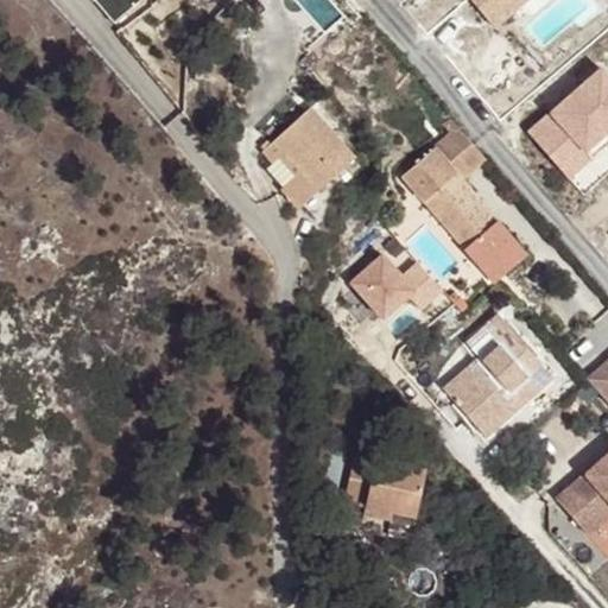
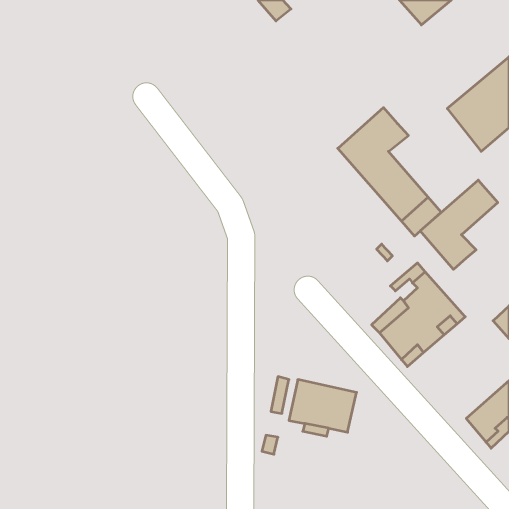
building: [260,106,355,207] -> none
building: none -> [420,180,498,269]
building: [356,245,433,322] -> none

